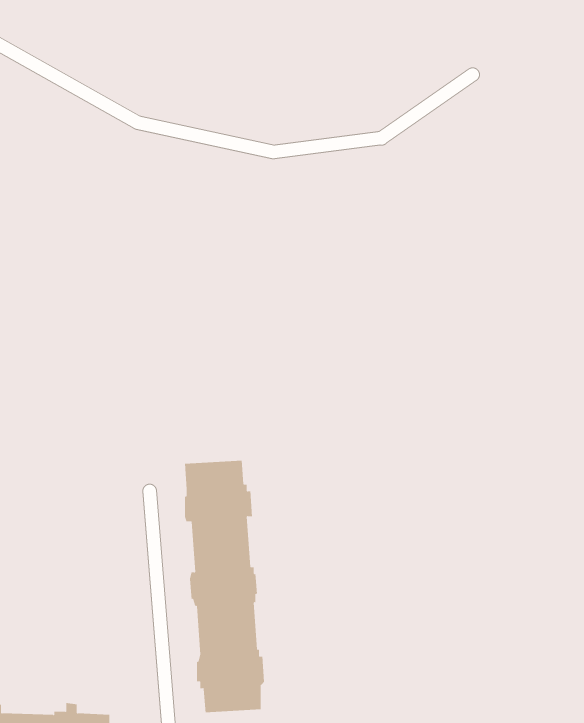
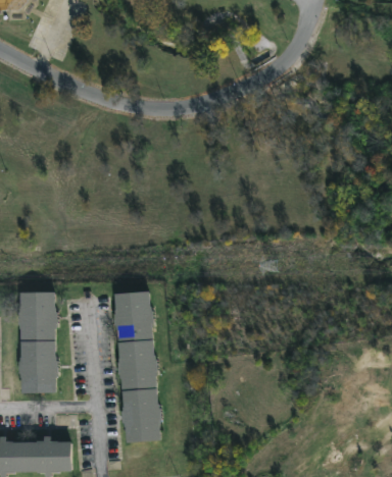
building: none -> [18,292,58,392]

